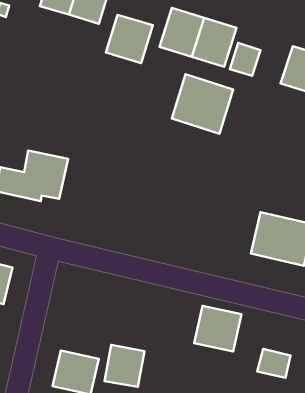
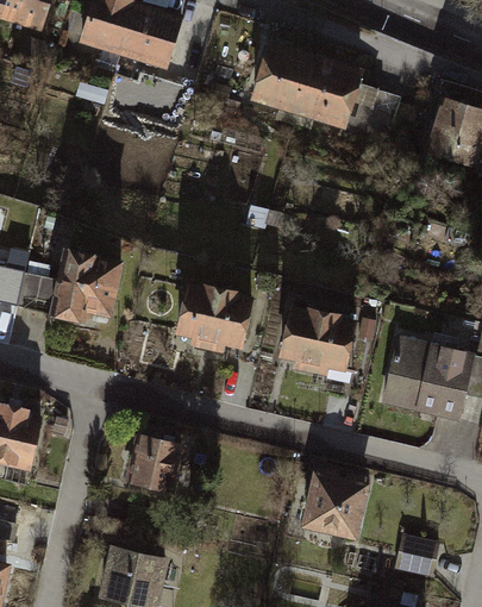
building: [106,15,153,63] -> none
building: [172,74,233,134] -> none
building: none -> [177,284,251,353]
building: none -> [281,306,355,375]
building: [105,345,144,387] -> [129,431,186,492]

